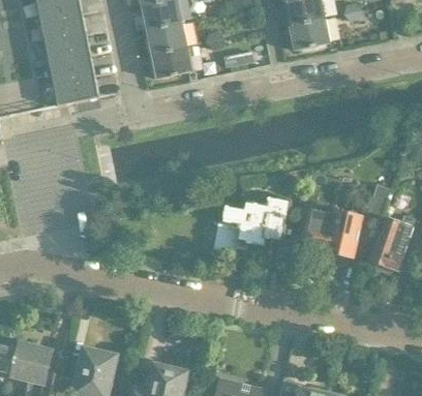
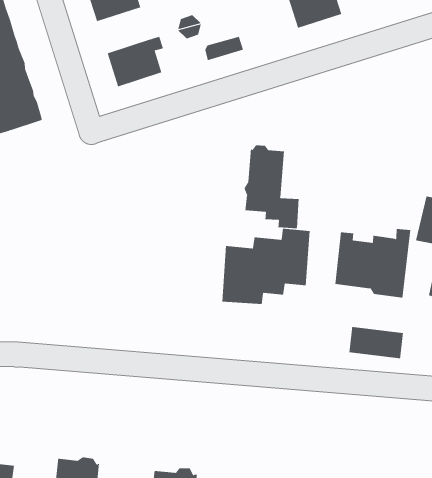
building: [147,22,186,53] -> none
building: none -> [244,145,299,229]
building: none -> [349,326,404,359]

